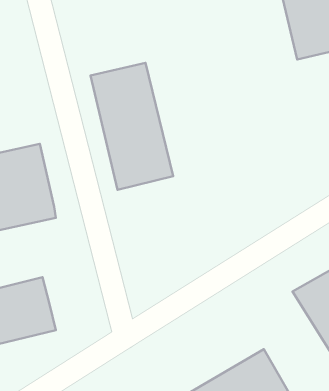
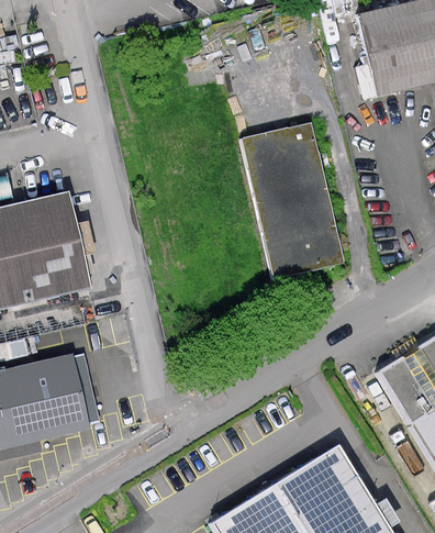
building: [90,63,173,190] -> [243,123,344,278]

